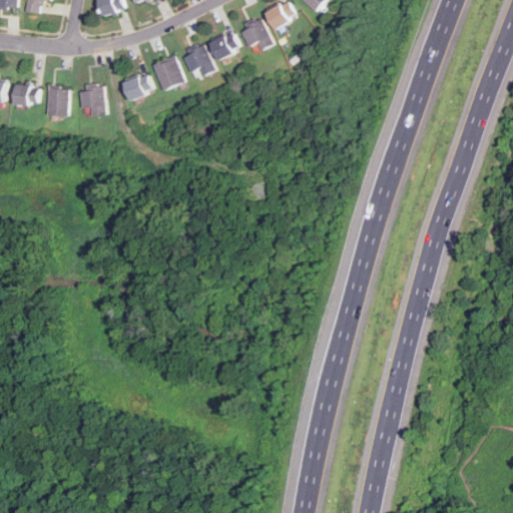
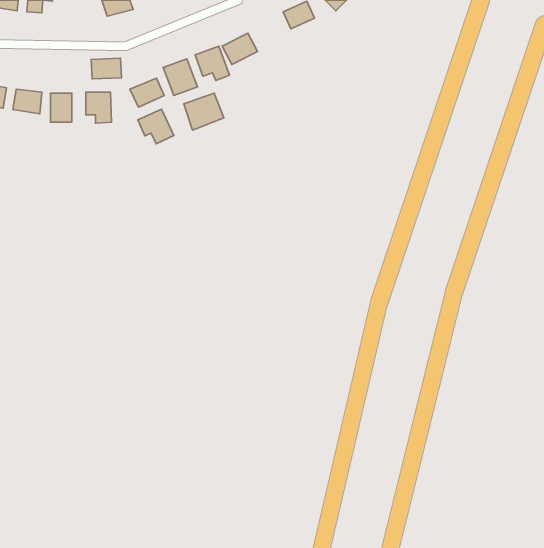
building: [238,17,272,47] -> none
building: none -> [91,58,121,79]
building: none -> [184,93,224,130]
building: none -> [138,109,174,144]

